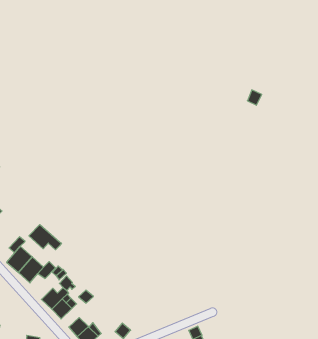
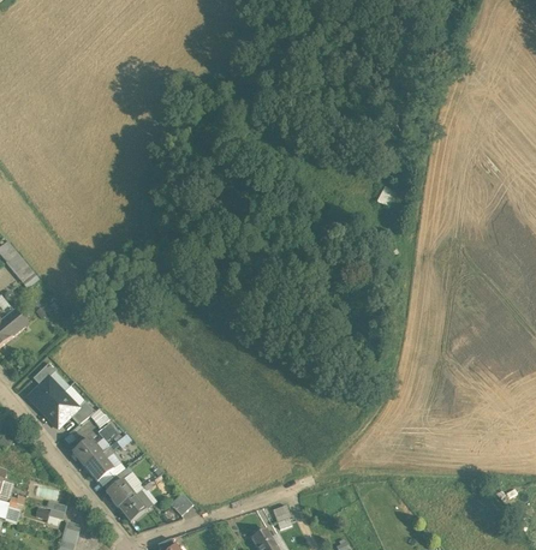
building: [29,225,61,250] -> none

